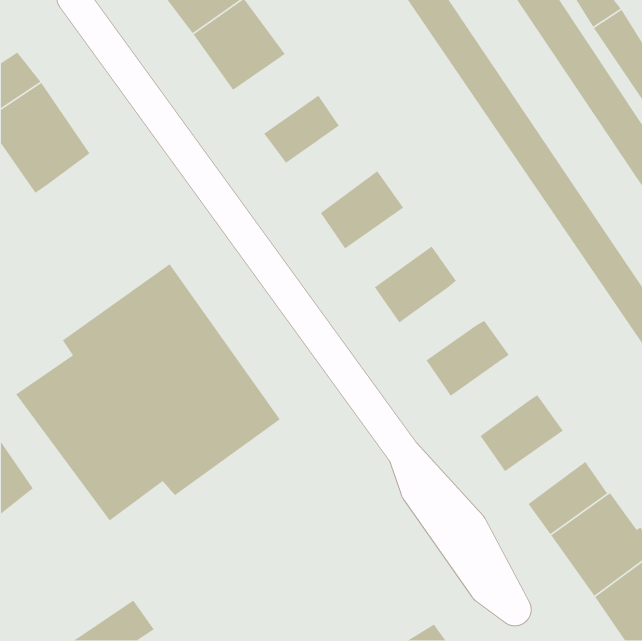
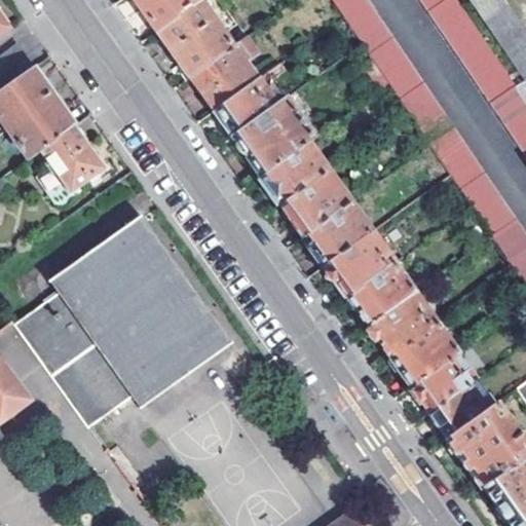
building: none -> [191,41,257,109]
building: none -> [234,96,315,174]
building: none -> [34,125,106,203]
building: none -> [283,170,353,234]
building: none -> [327,234,389,294]
building: none -> [369,294,434,355]
building: none -> [413,351,479,411]

